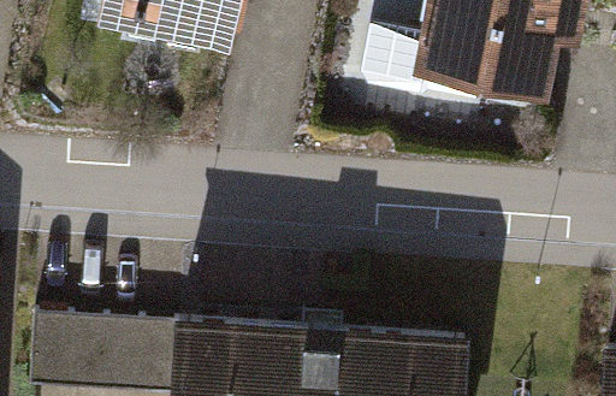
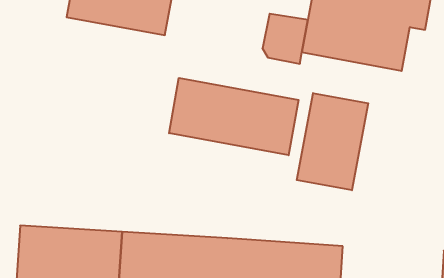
building: none -> [169,78,299,155]
building: none -> [297,93,368,190]

